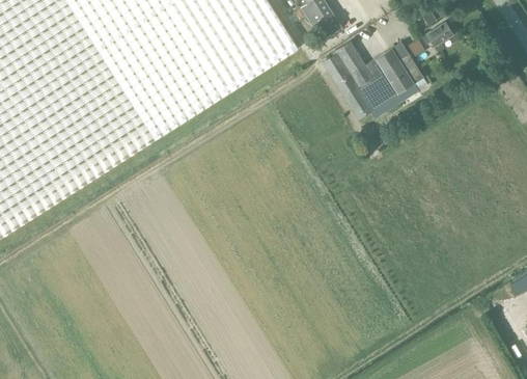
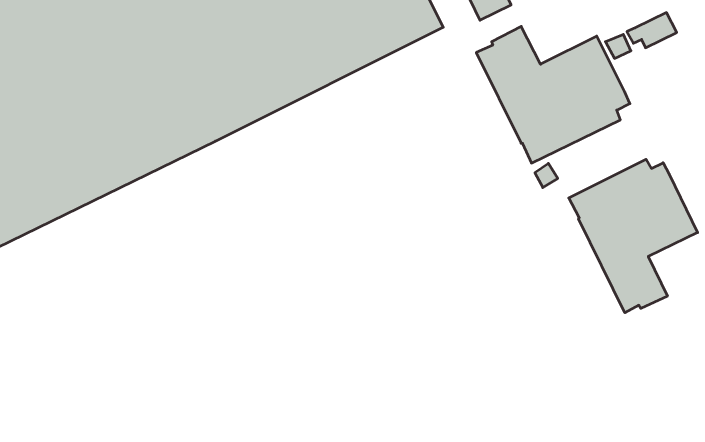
building: none -> [569,159,698,313]

